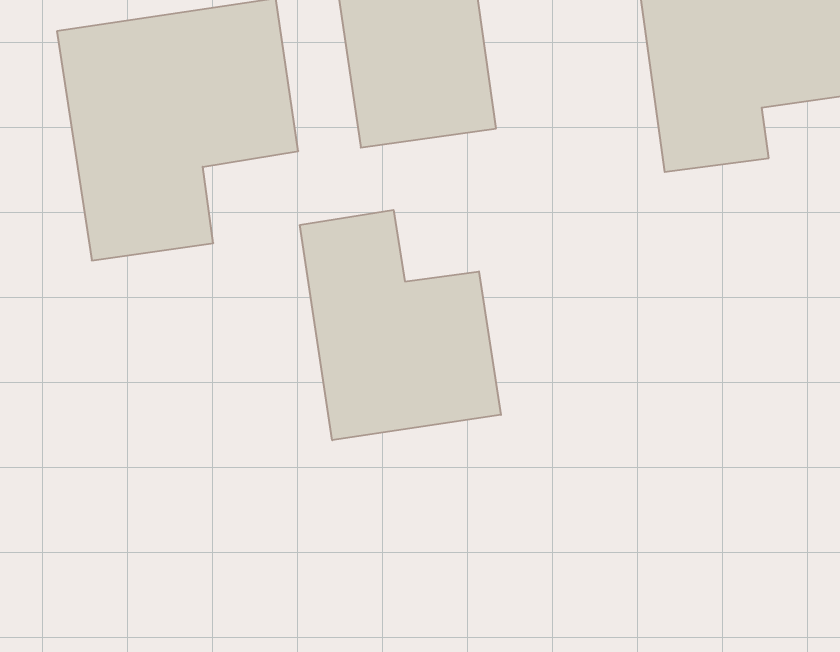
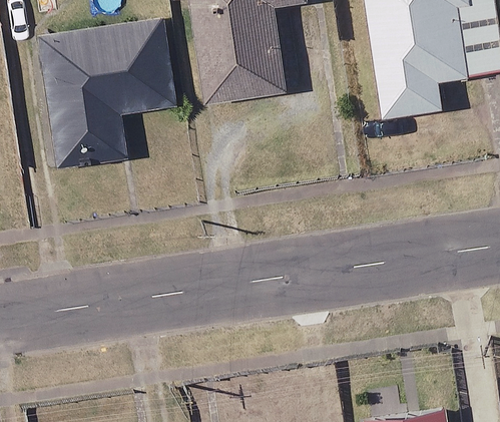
building: [300,210,501,440] -> none

